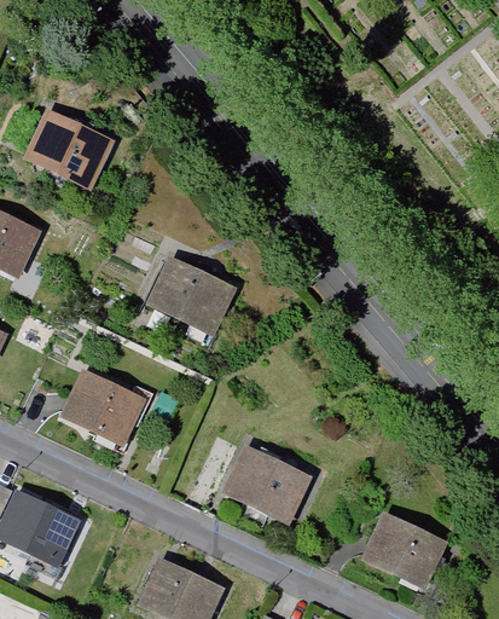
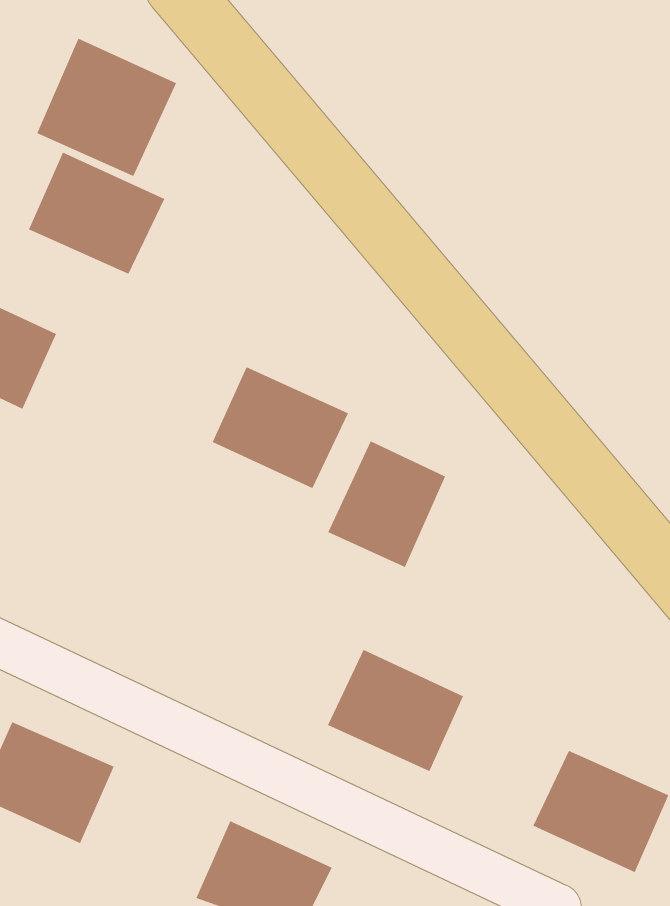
building: none -> [36,38,177,177]
building: none -> [328,440,446,568]
building: [56,366,147,449] -> none

